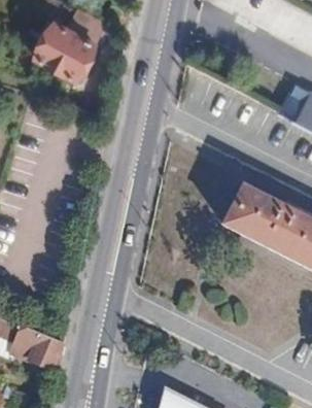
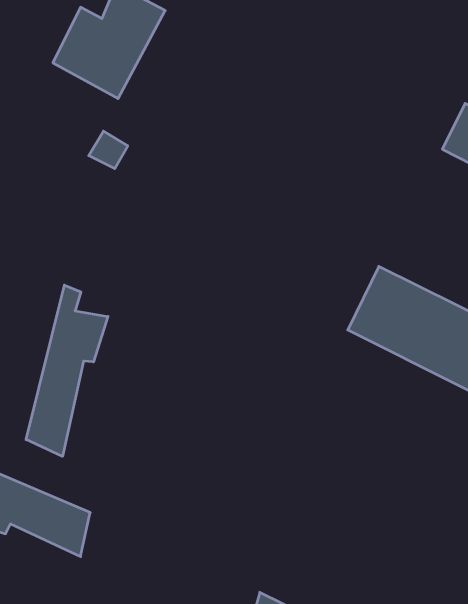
building: none -> [26,285,108,456]

